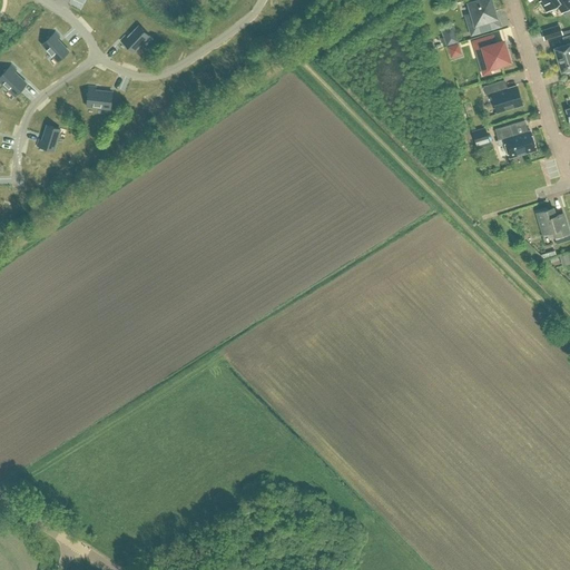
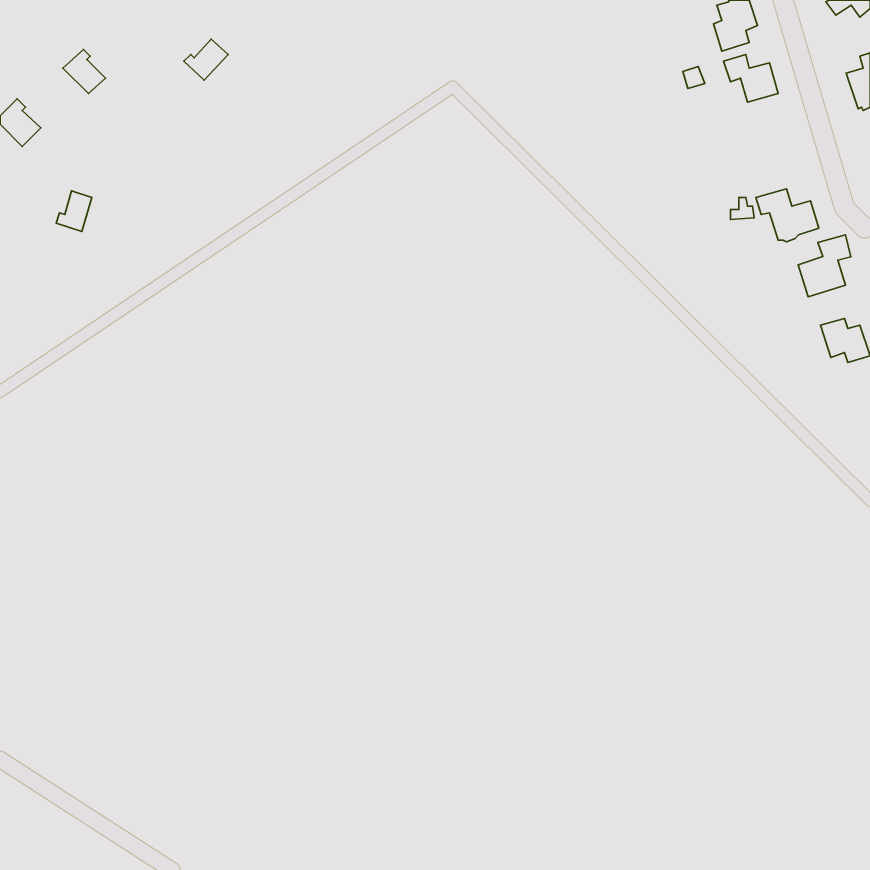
building: [483,79,522,111] -> none
building: [86,86,112,109] -> none
building: none -> [798,235,851,297]

